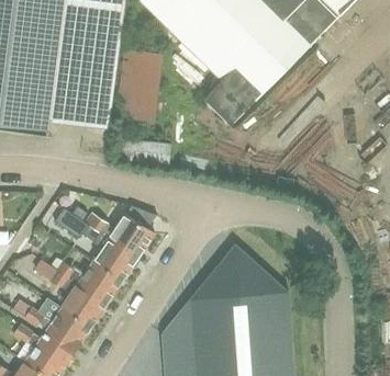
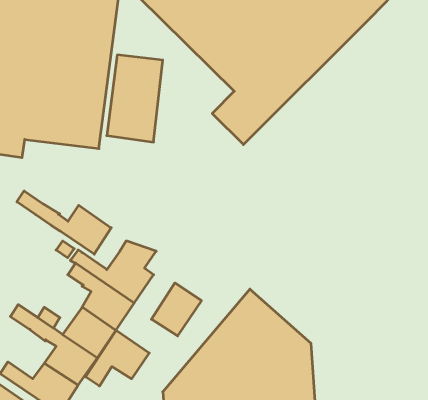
building: none -> [17,191,111,254]
building: none -> [151,283,201,336]
building: none -> [86,330,149,386]

